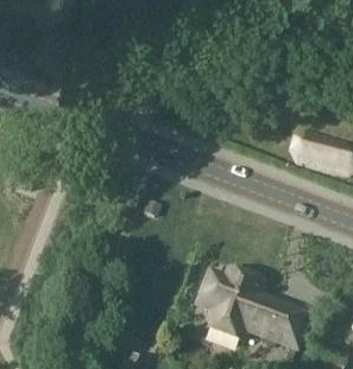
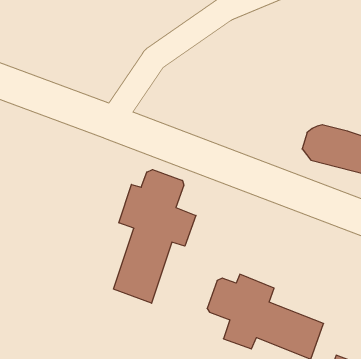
building: none -> [114,170,196,303]

